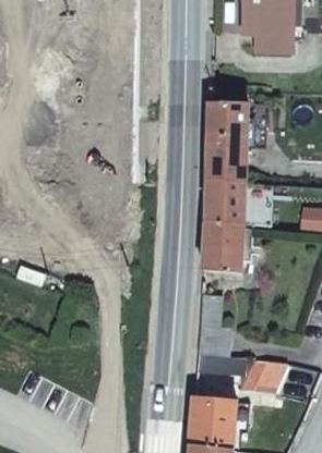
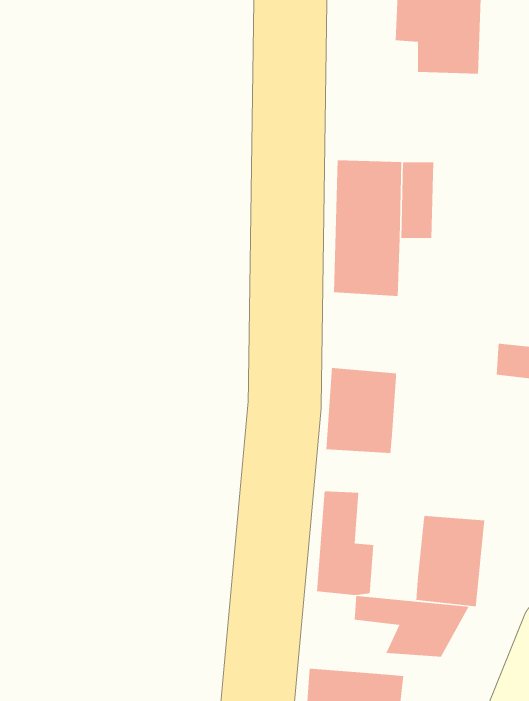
building: [204,180,243,226] -> none
building: none -> [416,515,485,607]

